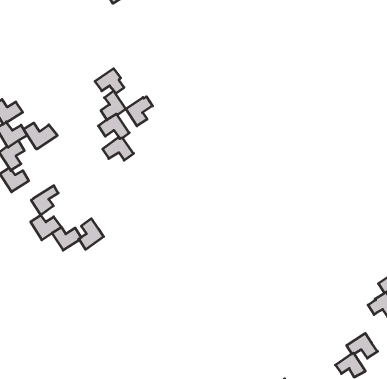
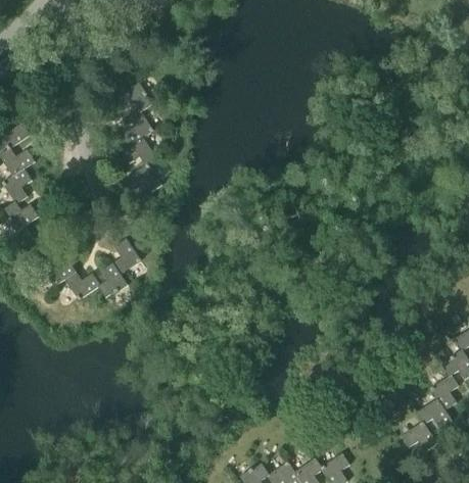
building: [126,97,153,126] -> none
building: [24,123,57,149] -> none
building: [31,186,58,215] -> none
building: none -> [112,239,141,275]
building: none -> [430,375,459,410]

